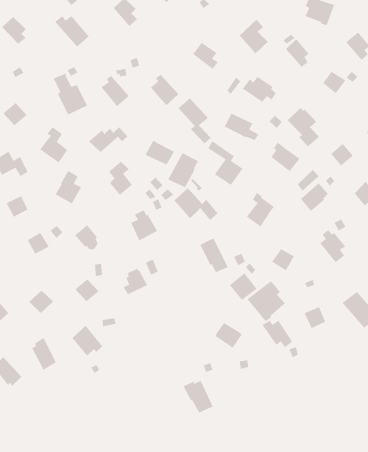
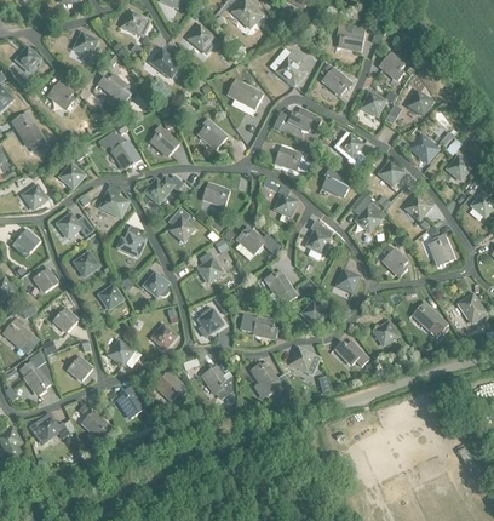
building: [178,98,211,144] -> none
building: [167,152,199,188] -> none
building: none -> [237,314,276,339]
building: [246,280,286,322] -> none
building: none -> [200,365,230,400]
building: [183,380,214,414] -> [247,361,280,394]

